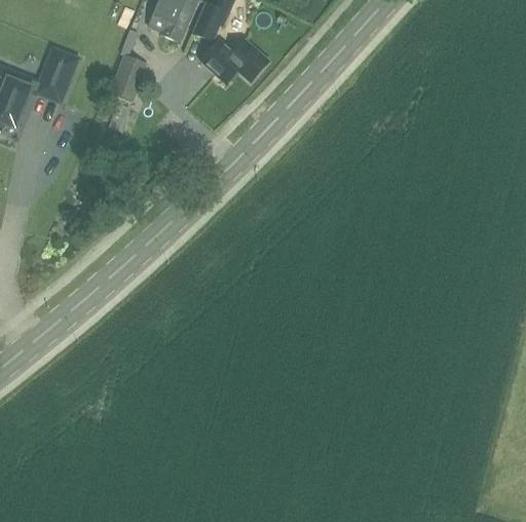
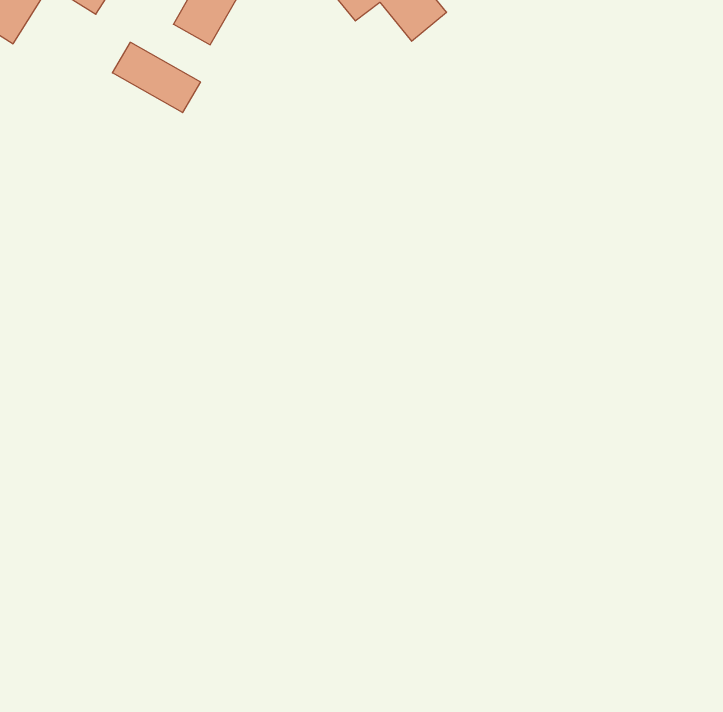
building: none -> [112,42,200,113]

